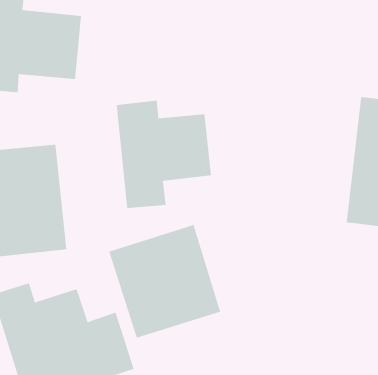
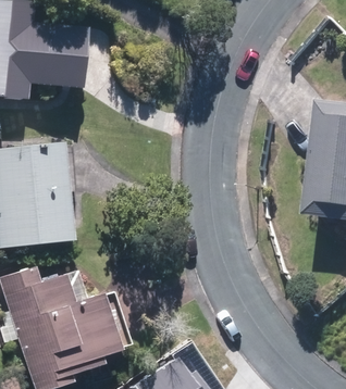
building: [116,100,211,209] -> none
building: [109,224,221,338] -> none

